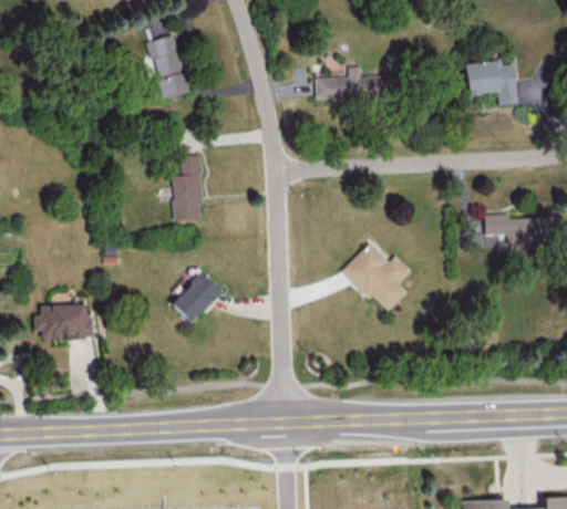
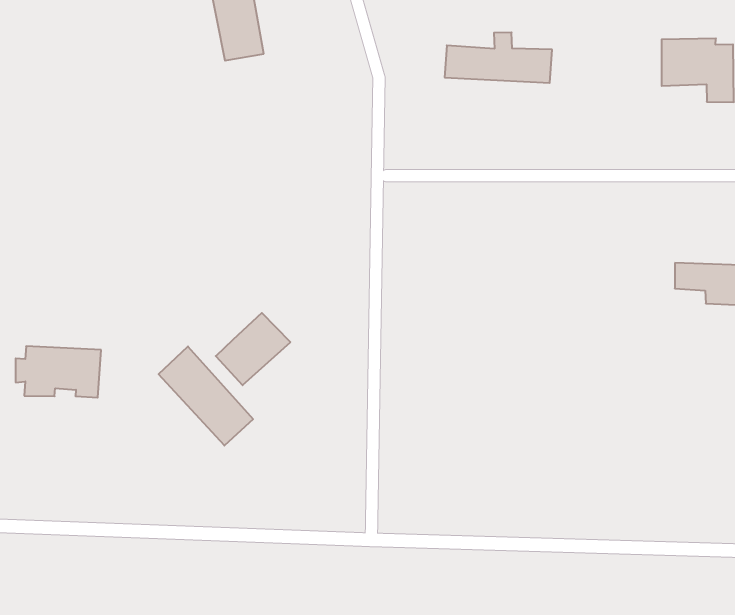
building: [171,154,204,220] -> none
building: [342,242,411,313] -> none
building: none -> [159,346,253,446]

